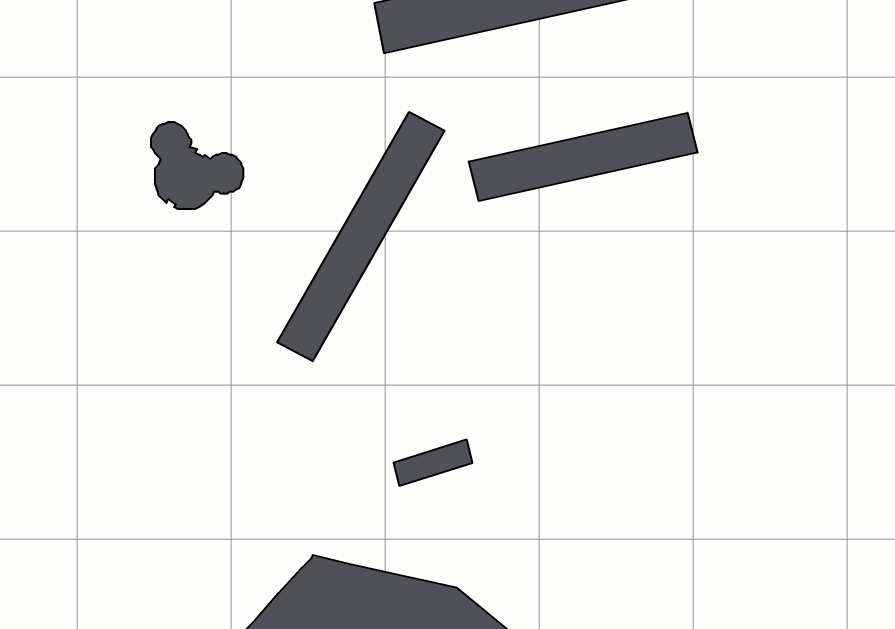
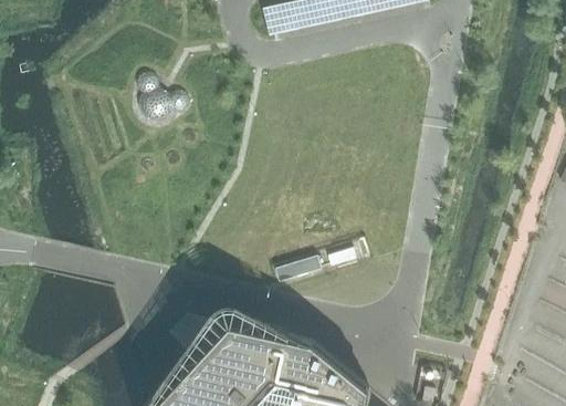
building: [277,112,444,361] -> none
building: [469,113,698,201] -> none

